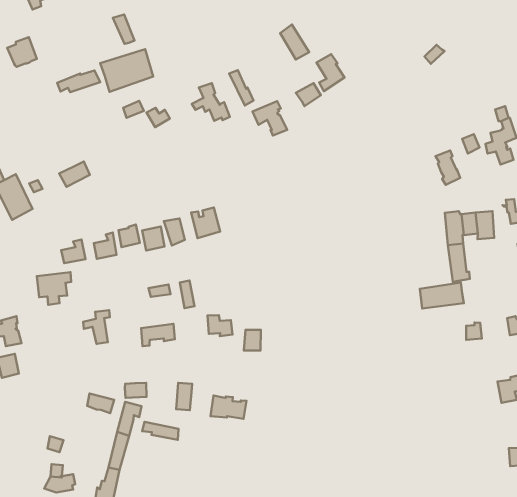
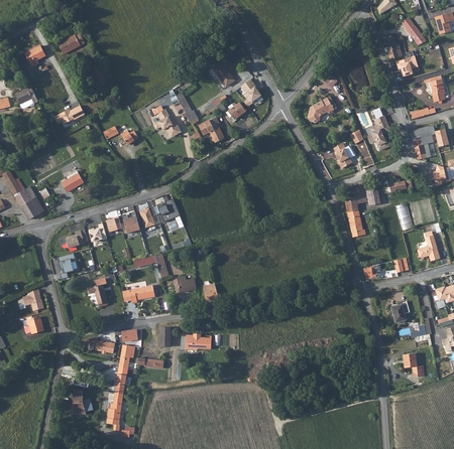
building: [100,49,153,92] -> none
building: none -> [307,97,335,122]
building: [420,282,464,308] -> none

